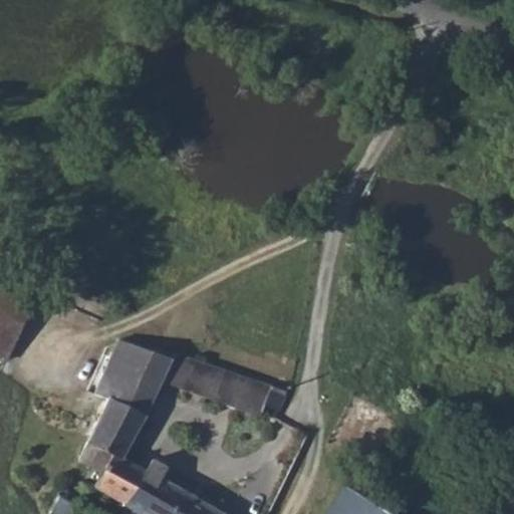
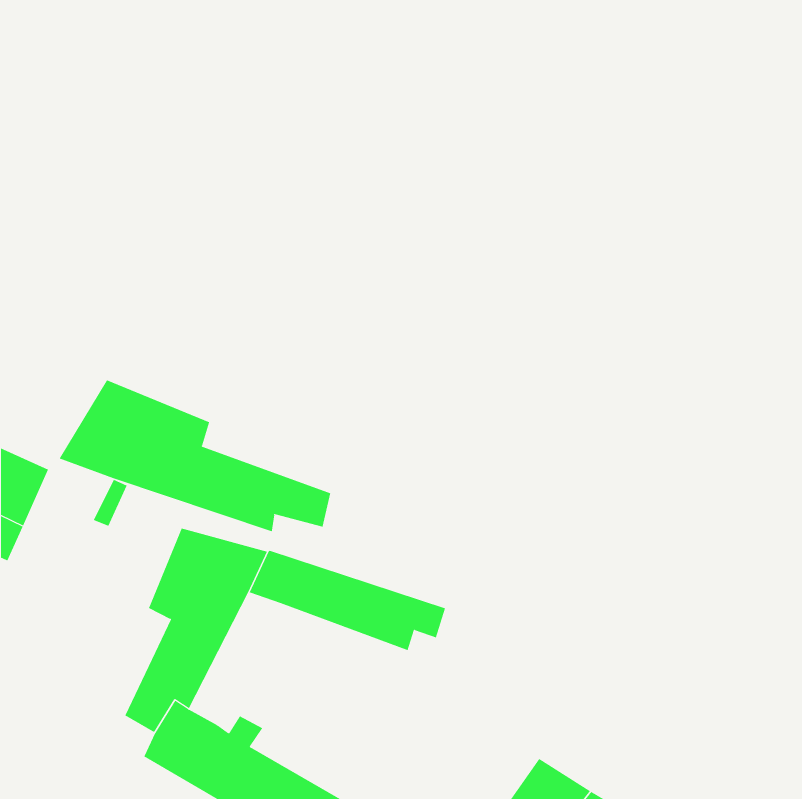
building: none -> [59,379,331,532]

